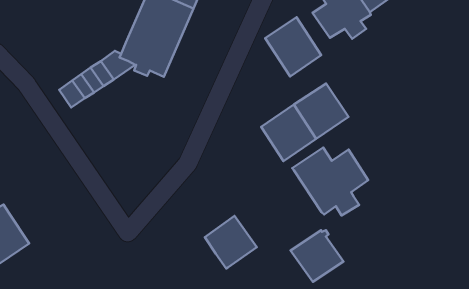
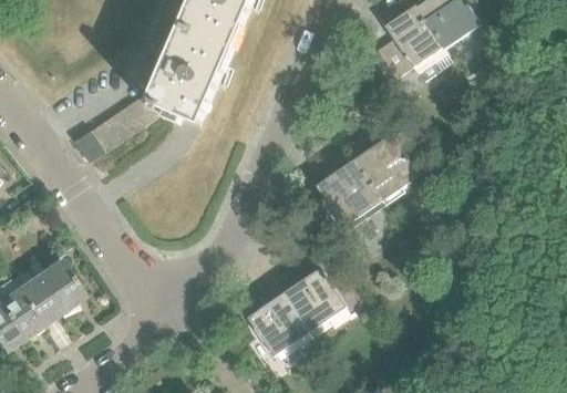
building: [265,17,321,76] -> none
building: [292,148,368,216] -> none
building: none -> [14,260,82,325]
building: [290,230,343,282] -> [282,268,346,330]

